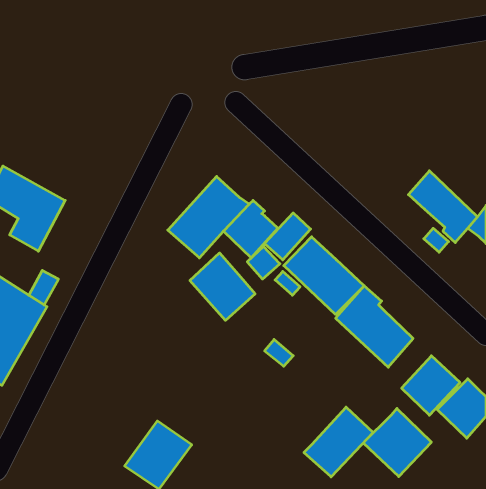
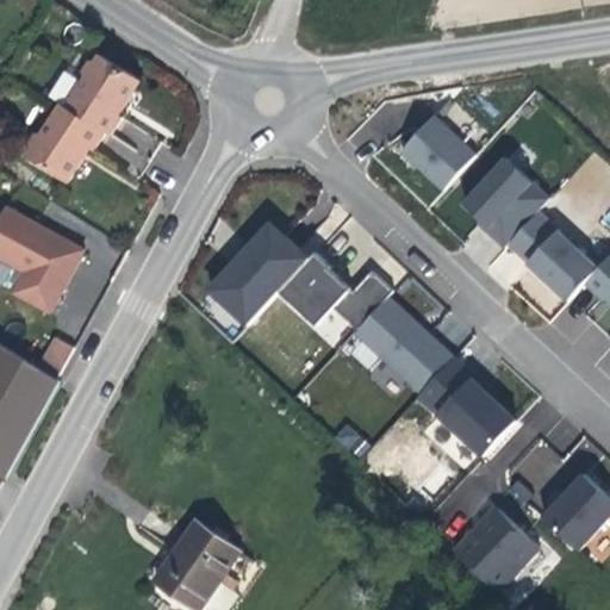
building: none -> [26,50,142,185]
building: none -> [399,112,473,187]
building: none -> [463,158,548,247]
building: [190,253,255,320] -> none
building: [304,407,373,477] -> none

